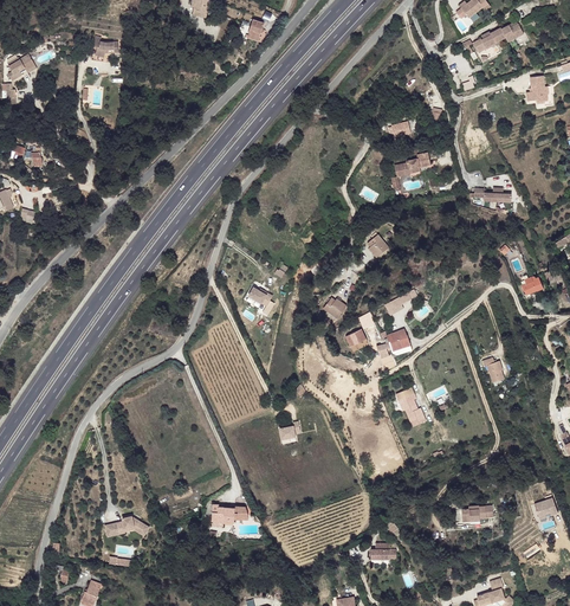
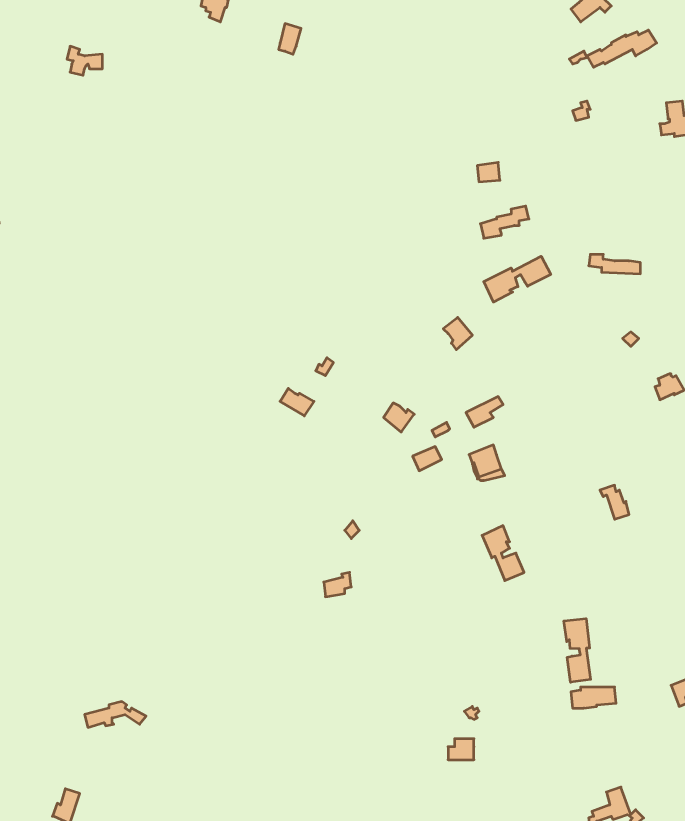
building: none -> [484,256,551,302]
building: none -> [564,619,591,682]
building: [212,504,248,527] -> none

